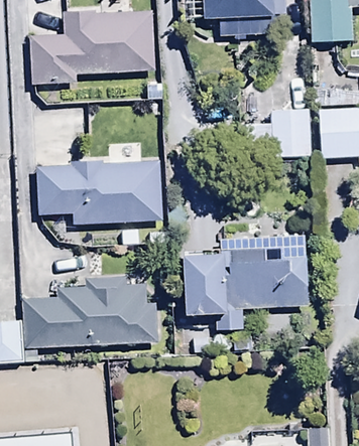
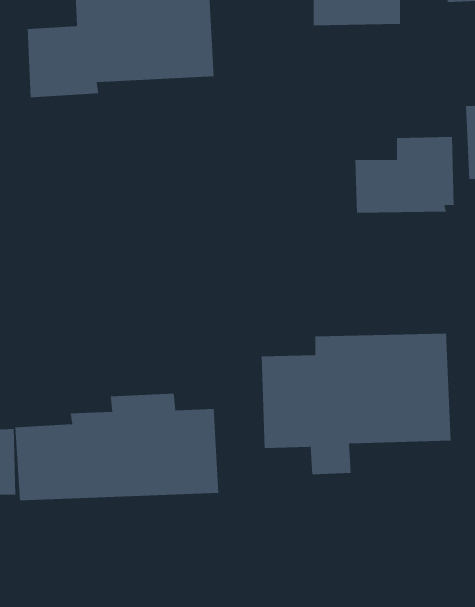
building: [37,147,161,226] -> none

